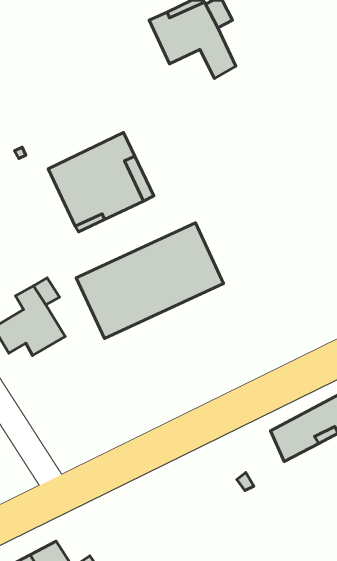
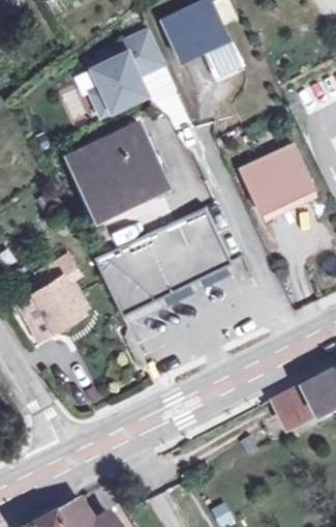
building: none -> [91,31,164,116]
building: none -> [243,148,310,211]

